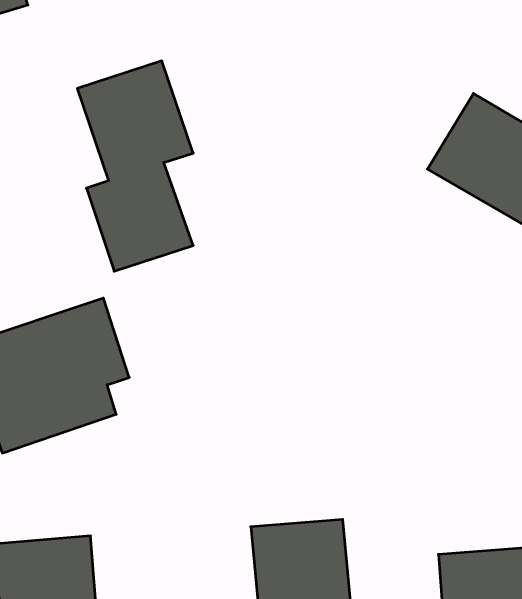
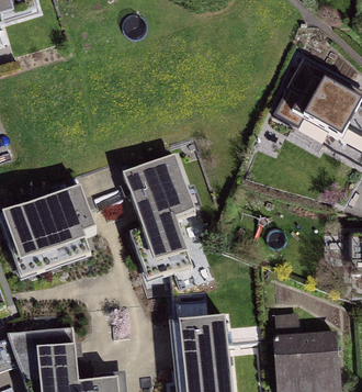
building: [77,61,193,271] -> [124,154,193,279]

